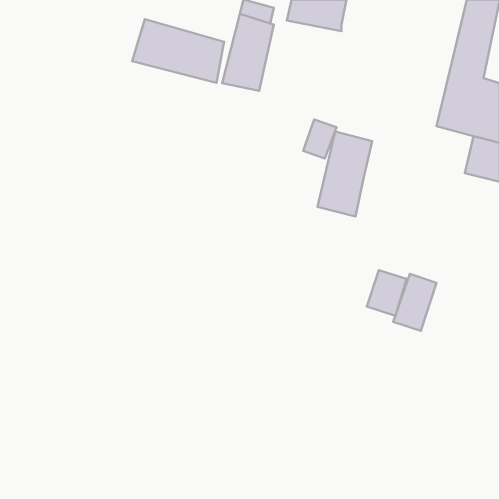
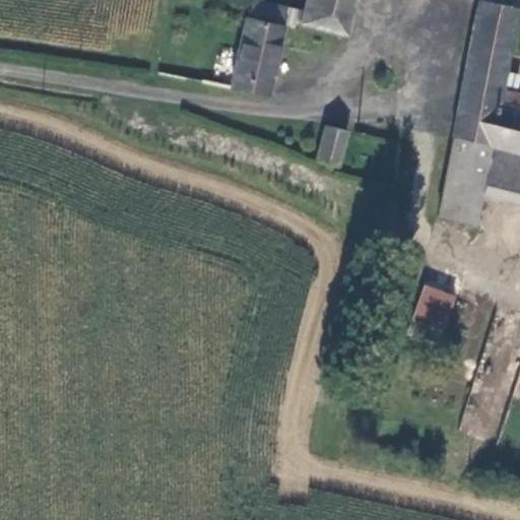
building: [132,19,224,83] -> none
building: [317,131,372,217] -> [436,131,493,219]
building: [367,270,406,316] -> none

